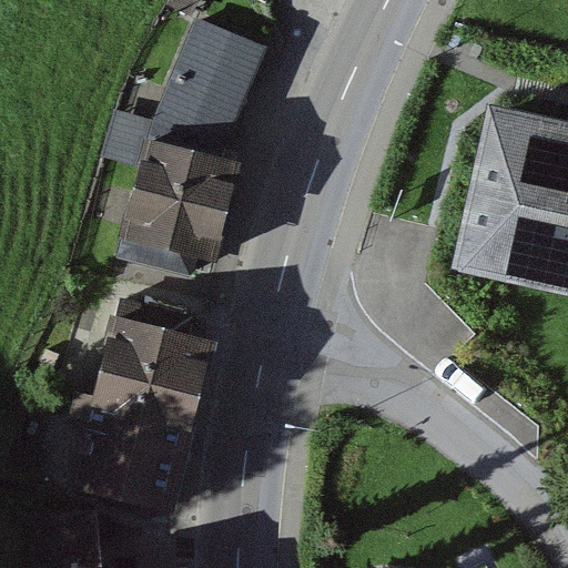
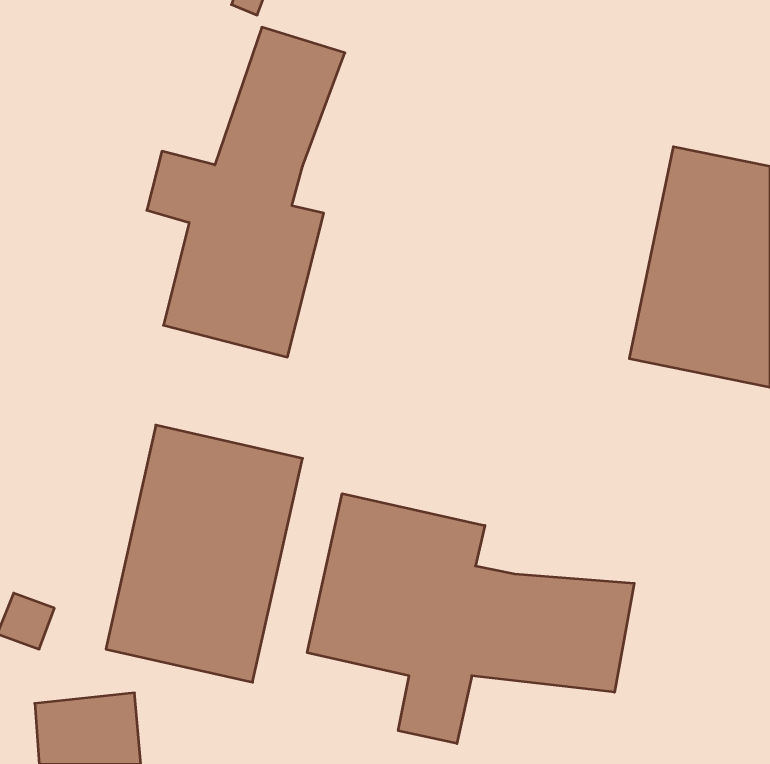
building: none -> [307,494,634,744]

